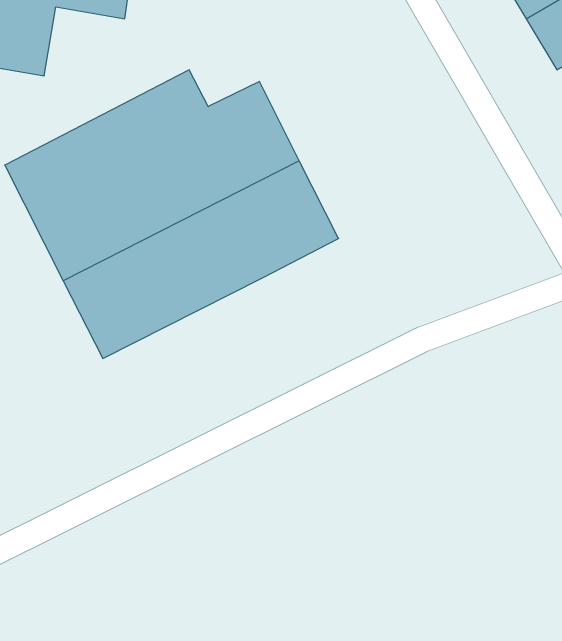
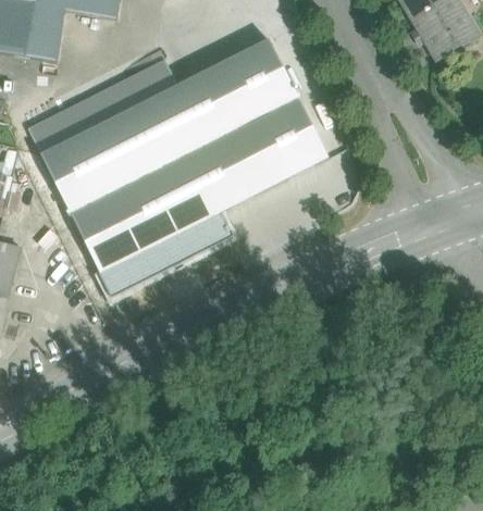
building: none -> [216,38,327,182]
building: none -> [100,211,231,295]

